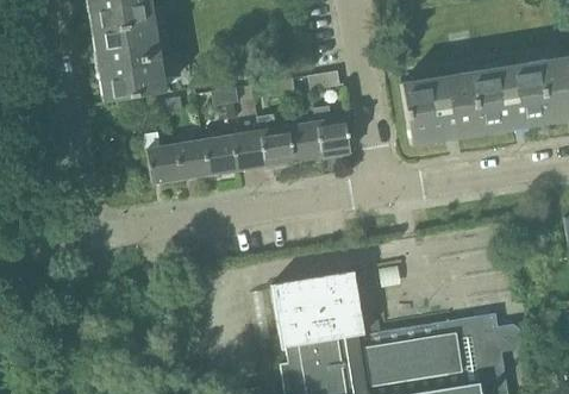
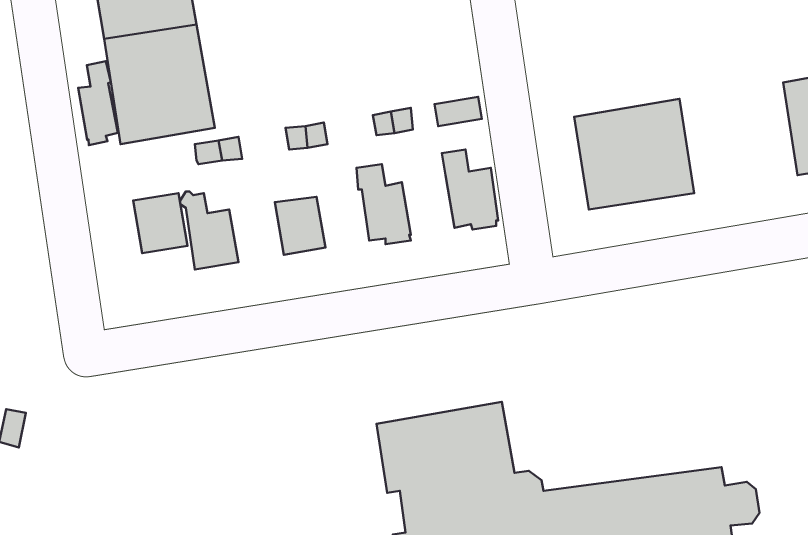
building: none -> [78,61,118,145]
building: [470,62,548,135] -> none
building: [288,123,323,162] -> none
building: [232,132,267,170] -> none
building: [175,140,211,180] -> [133,193,188,253]

